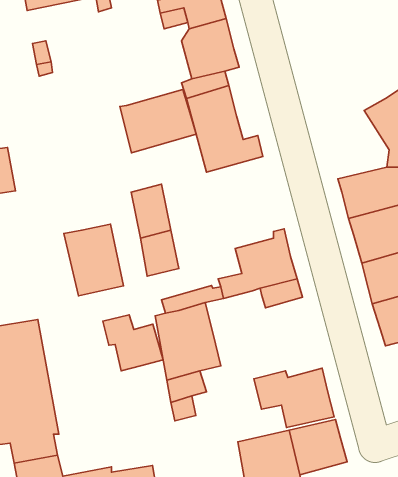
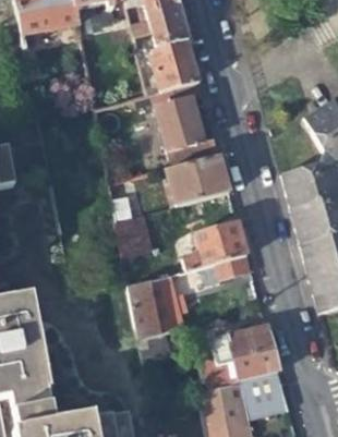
building: [120,90,196,153] -> [168,158,231,210]
building: [64,224,123,296] -> none
building: [103,315,163,371] -> none

